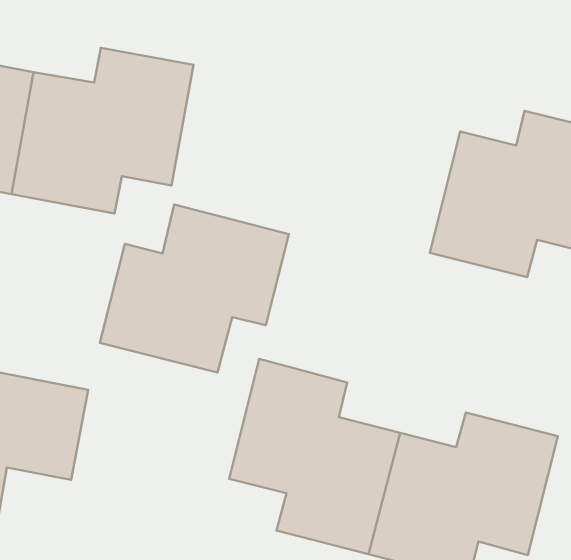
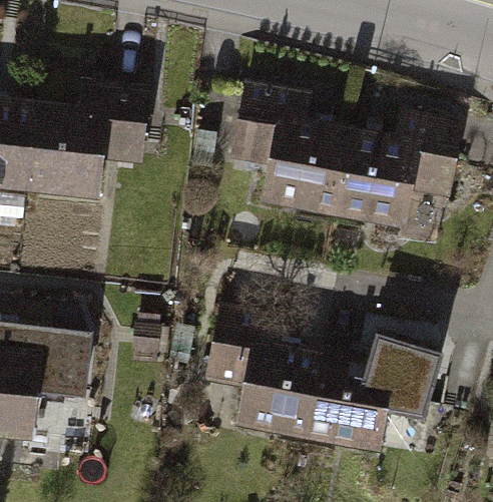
building: none -> [223,76,348,213]
building: [100,204,289,372] -> none

